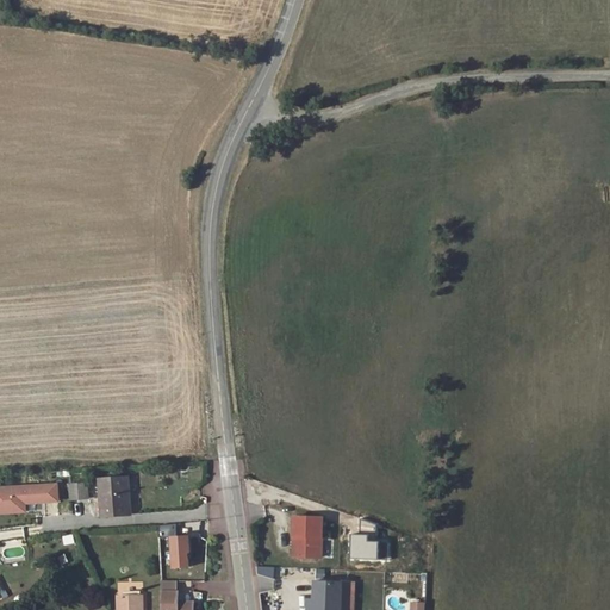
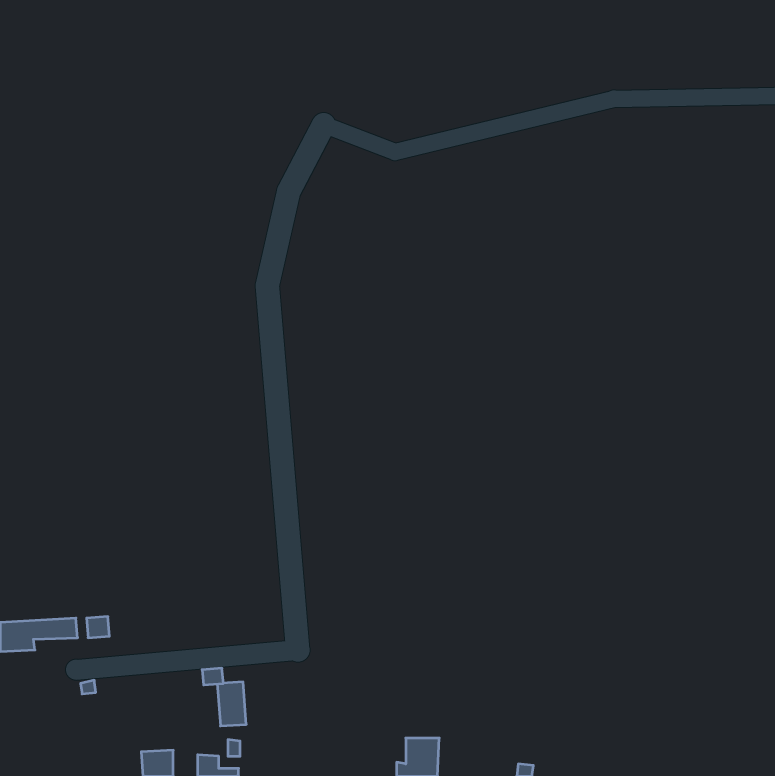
building: [97,478,130,516] -> none
building: [288,511,319,553] -> none

